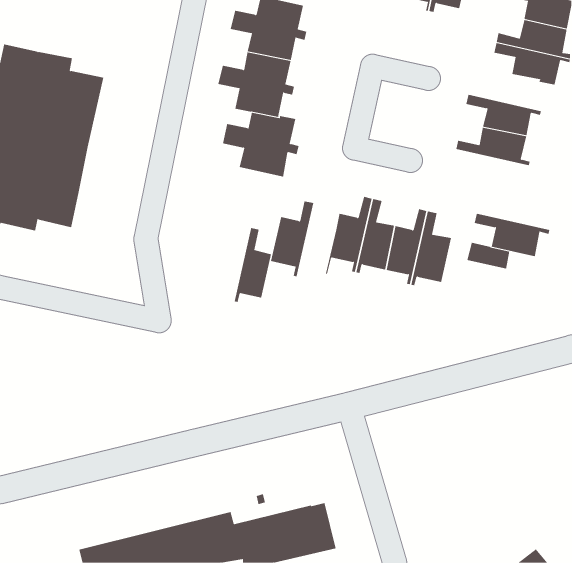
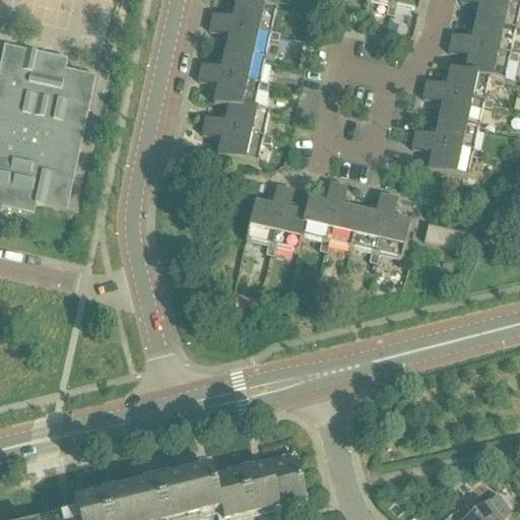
building: none -> [424,63,492,101]
building: [474,213,550,257] -> [410,135,479,175]
building: [234,227,272,303] -> [269,184,304,252]

